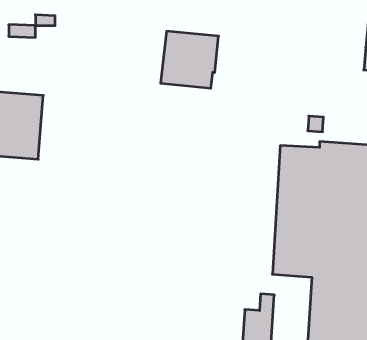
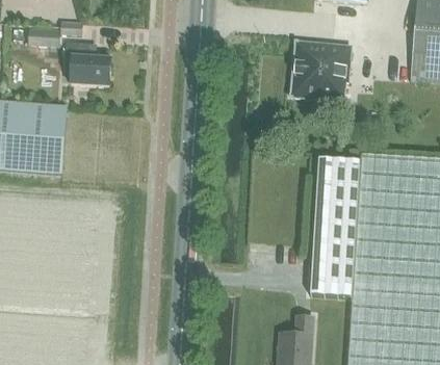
building: [161,31,219,88] -> [290,38,352,99]
building: none -> [64,41,110,83]

